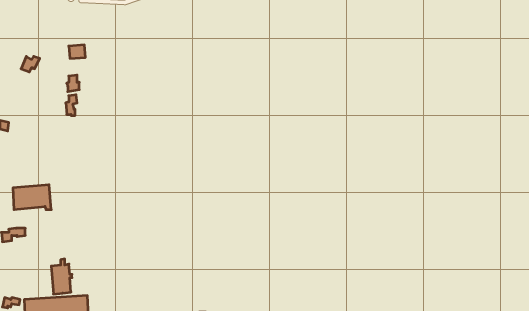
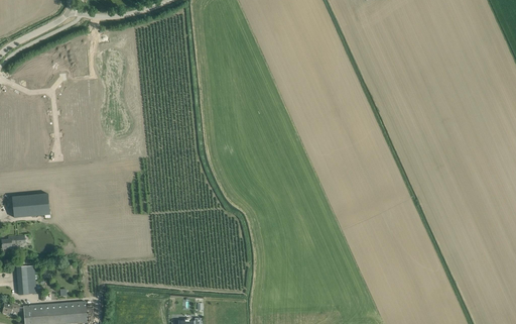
building: [51,259,72,294] -> [17,259,37,294]

